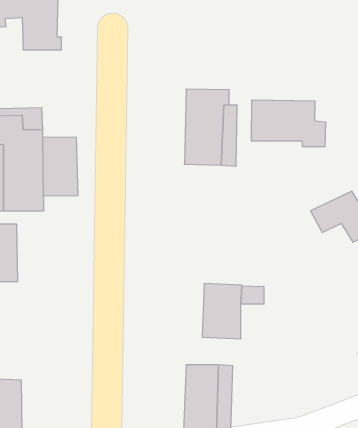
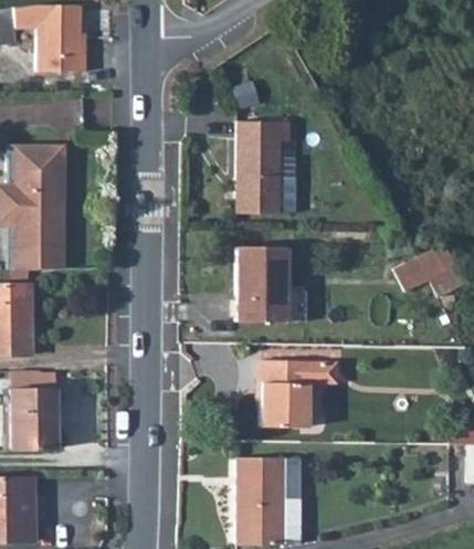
building: [252,100,326,147] -> none
building: [43,137,78,196] -> none
building: none -> [236,246,287,321]
building: none -> [25,389,73,450]

